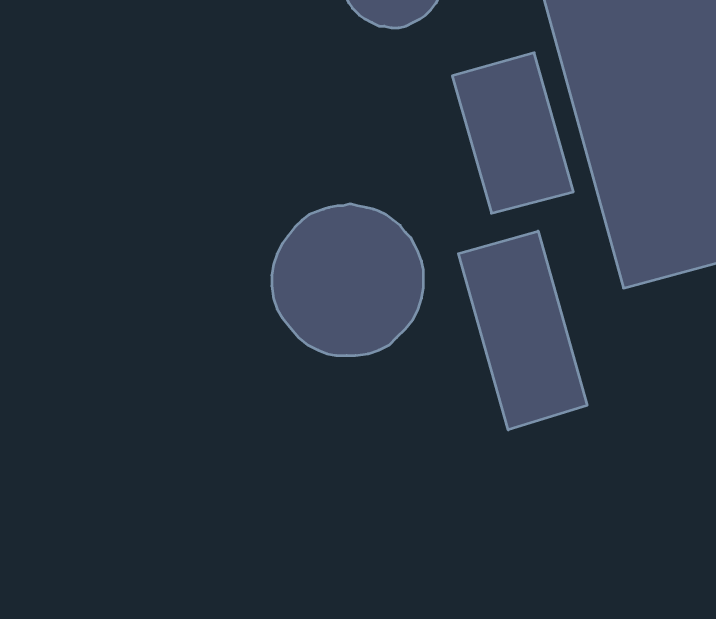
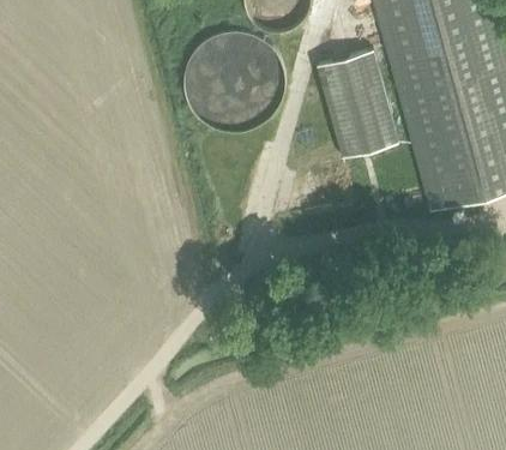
building: [272,204,423,355] -> [183,41,285,143]
building: [458,231,587,430] -> none

